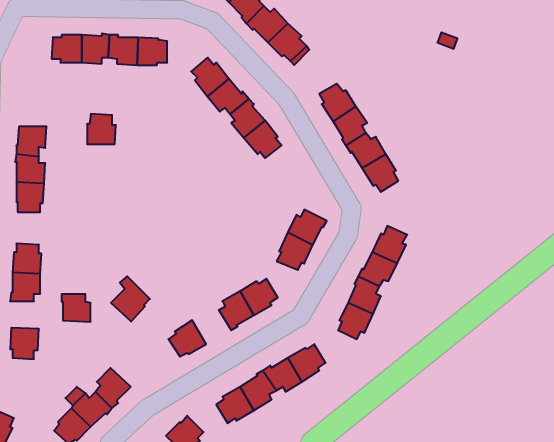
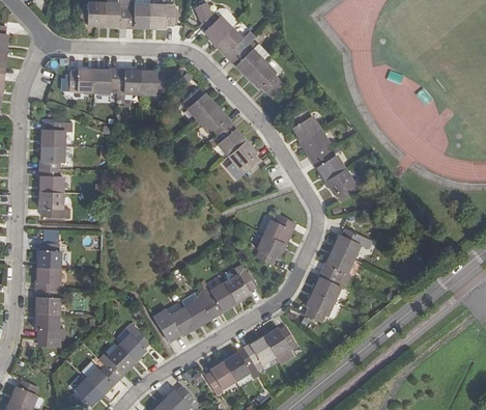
building: [87,114,116,144] -> [41,120,65,145]
building: [111,276,150,322] -> [117,323,149,360]
building: [62,294,91,322] -> [34,290,58,312]
building: none -> [184,297,217,325]

